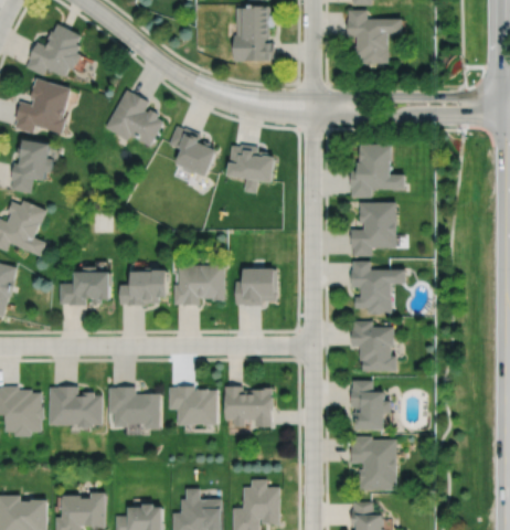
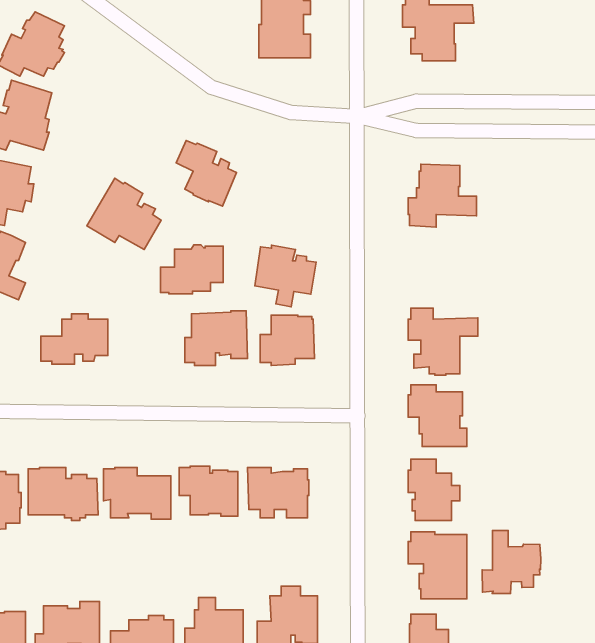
building: [103,92,161,148] -> [87,178,161,249]
building: [225,147,274,195] -> [255,245,316,307]
building: [350,201,396,255] -> none
building: [120,266,170,305] -> [160,245,223,294]
building: none -> [482,530,541,594]

